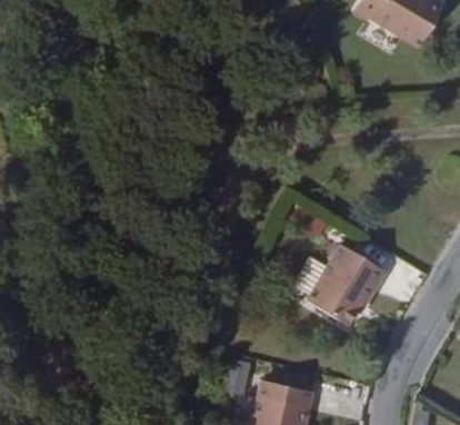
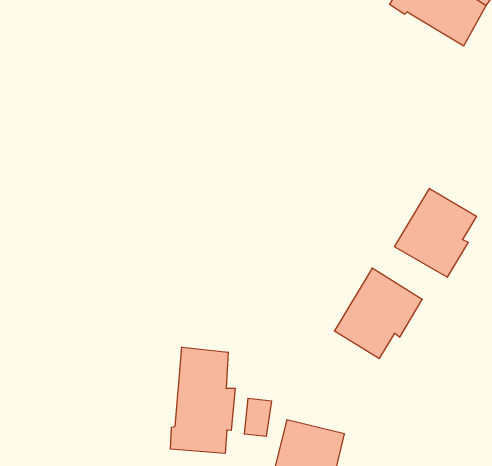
building: none -> [394,188,476,277]
building: none -> [171,347,235,453]

